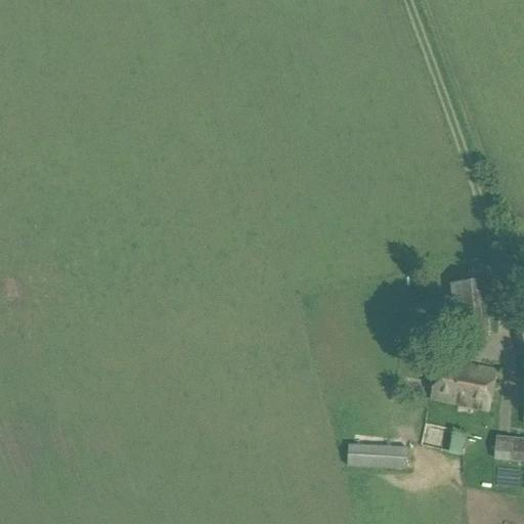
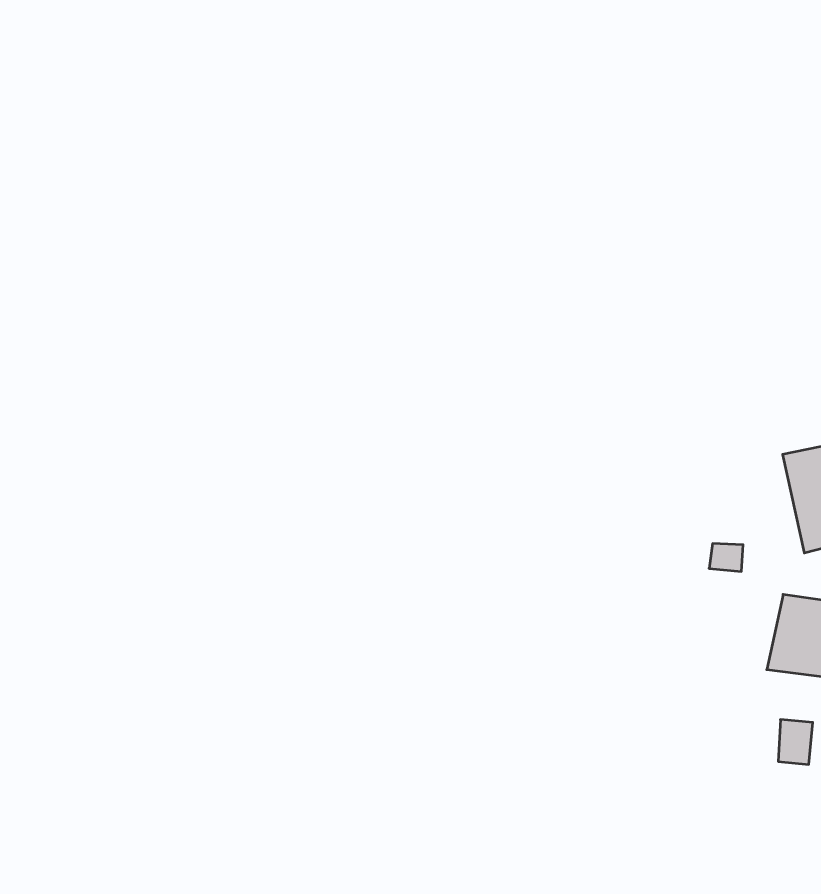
building: [348,443,408,468] -> none

